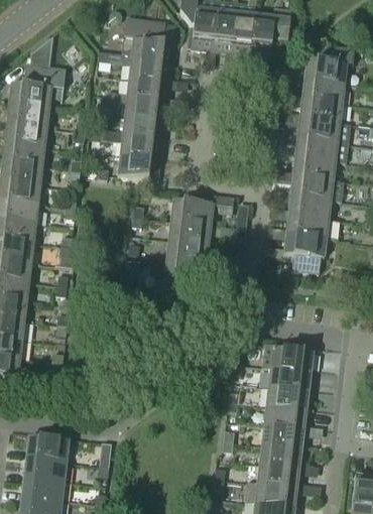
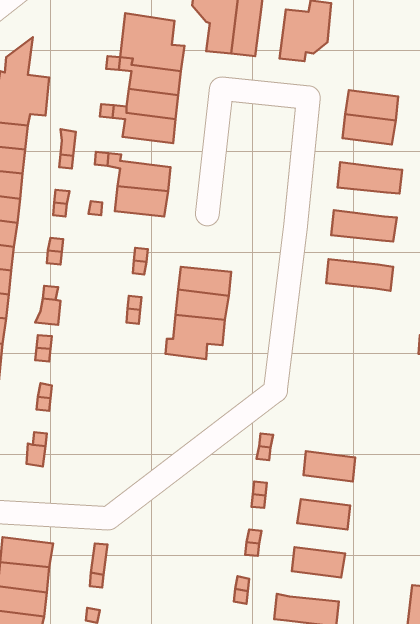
building: [230,13,254,54] -> none
building: [304,44,354,85] -> none
building: [122,117,164,141] -> none
building: [297,118,349,143] -> none
building: [292,157,335,180] -> none
building: [170,194,234,225] -> none
building: [288,196,331,219] -> none
building: [283,234,326,273] -> none
building: [262,344,313,373] -> none
building: [266,387,307,411] -> none
building: [261,425,303,449] -> none
building: [257,464,298,488] -> none

